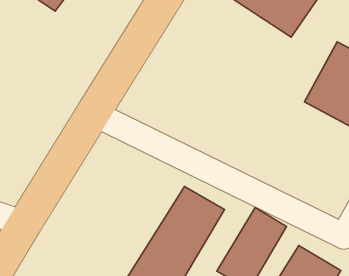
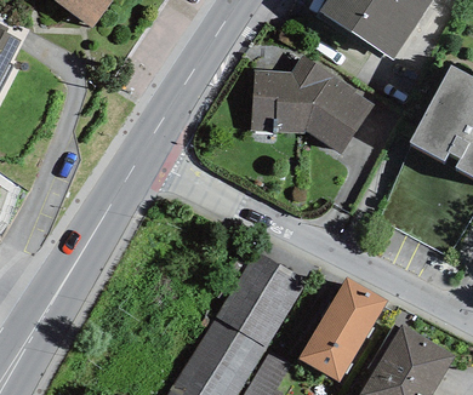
building: none -> [251,56,375,154]

